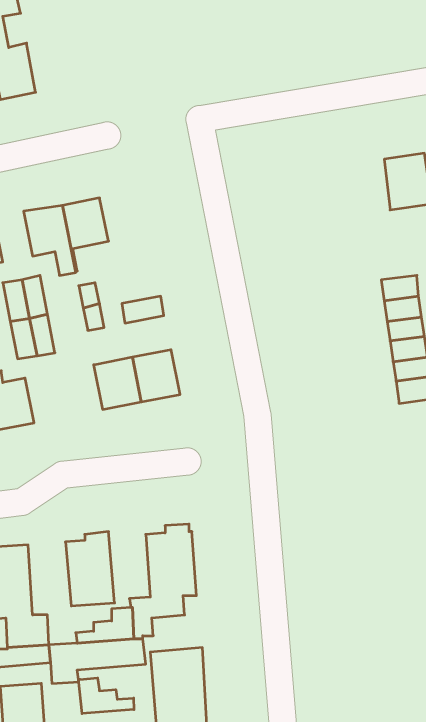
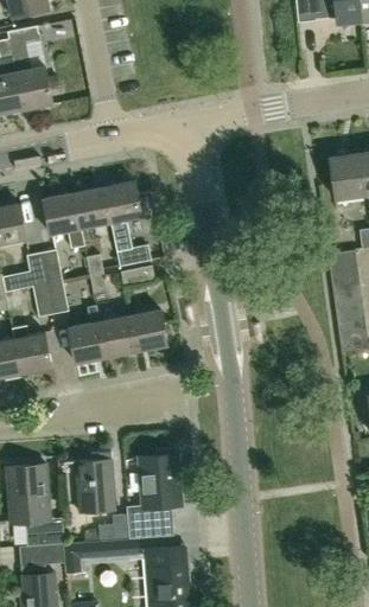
building: none -> [103,181,149,266]
building: none -> [69,306,106,362]
building: [78,678,134,714] -> none

